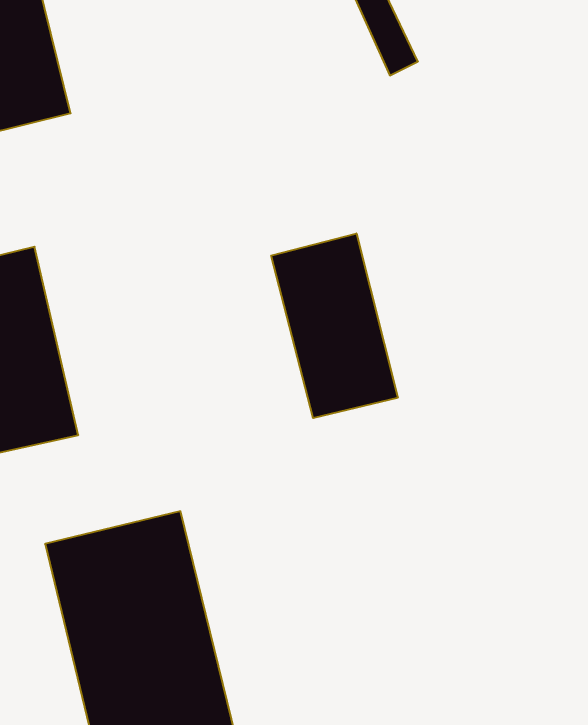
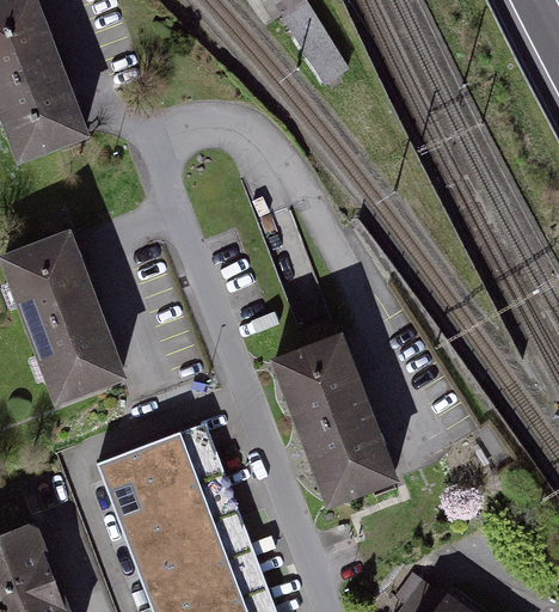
building: [271,233,398,418] -> none
building: none -> [276,341,392,503]

